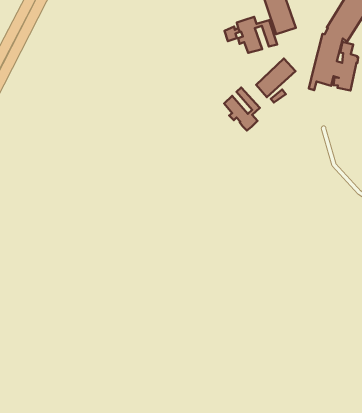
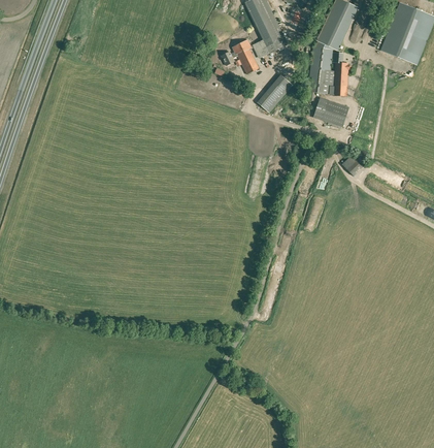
building: [224,87,260,131] -> none
building: none -> [313,97,349,126]

